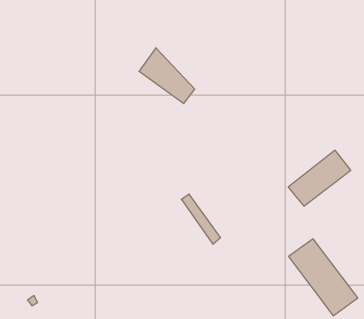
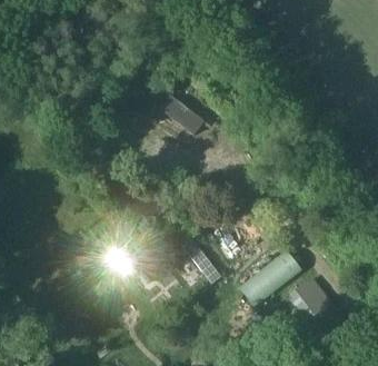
building: [288,150,351,206] -> [242,248,305,304]

